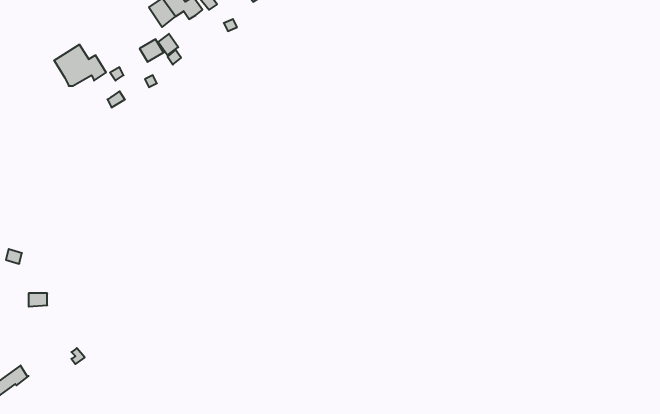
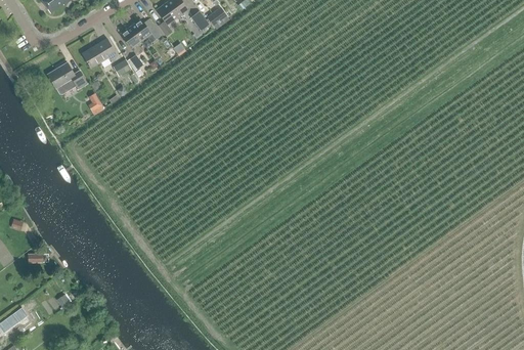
building: none -> [81,38,117,68]

